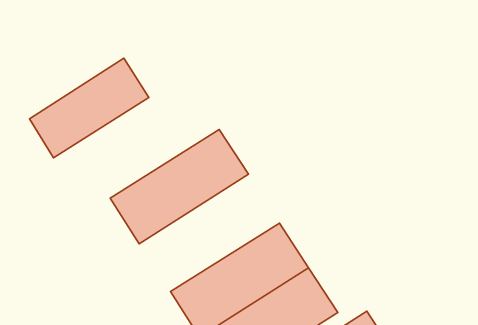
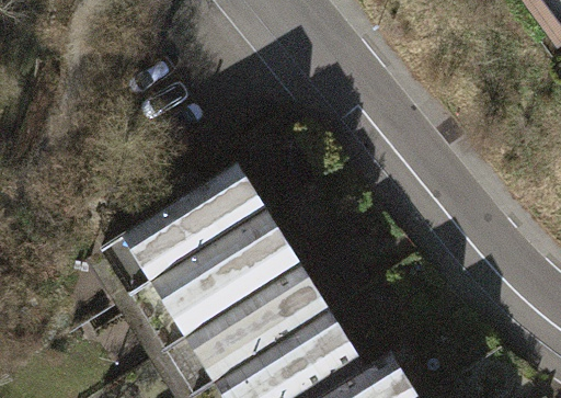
building: [29,58,149,158] -> none
building: none -> [150,214,298,338]

